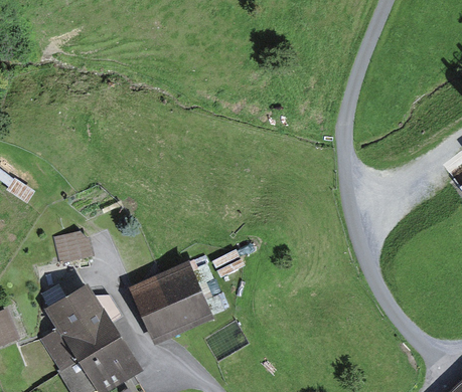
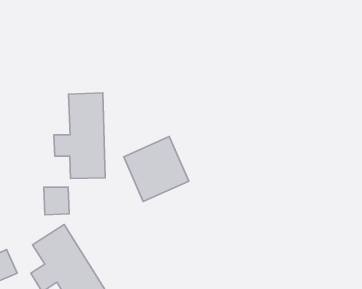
building: none -> [54,93,105,178]
building: [129,262,209,343] -> [124,137,189,202]

